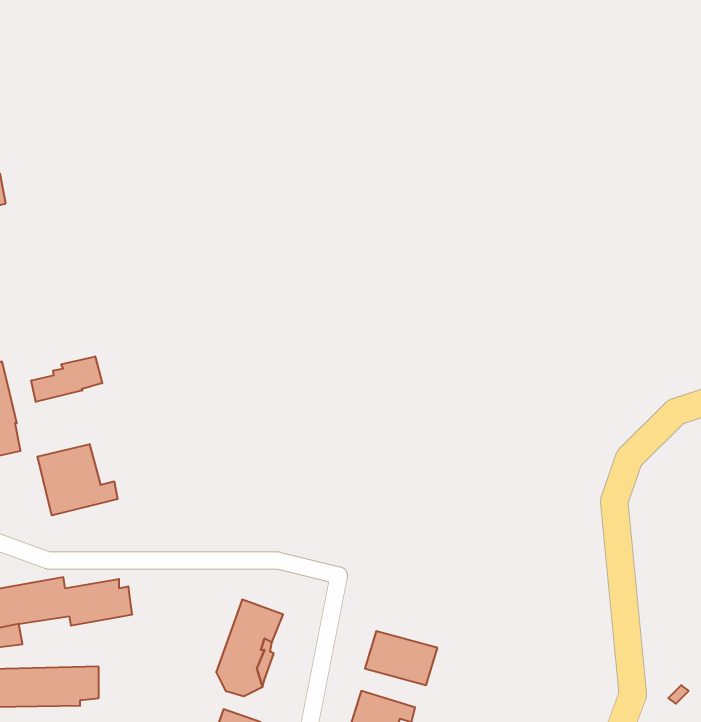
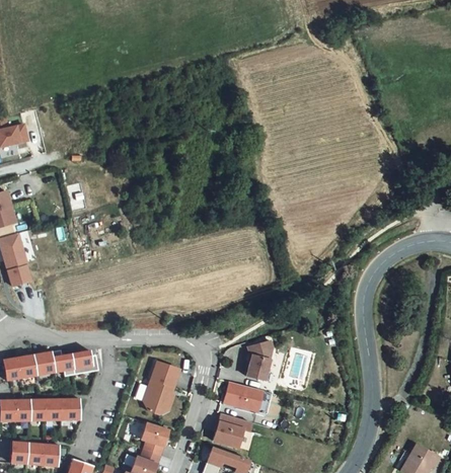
building: [31,356,102,402] -> none
building: [37,444,117,515] -> none
building: none -> [246,337,273,378]

